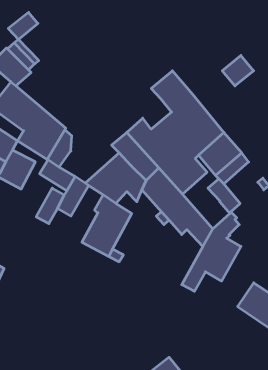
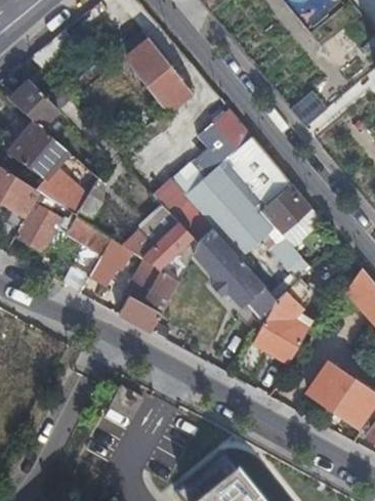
building: none -> [125,29,191,107]

